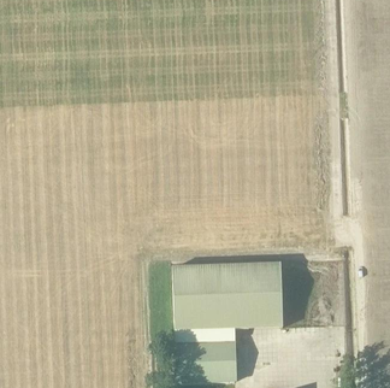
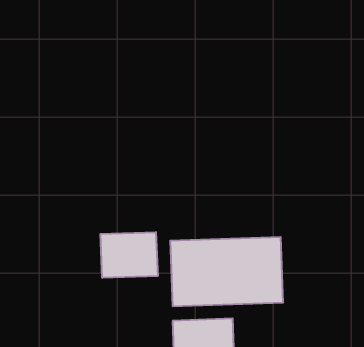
building: none -> [100,232,158,278]

